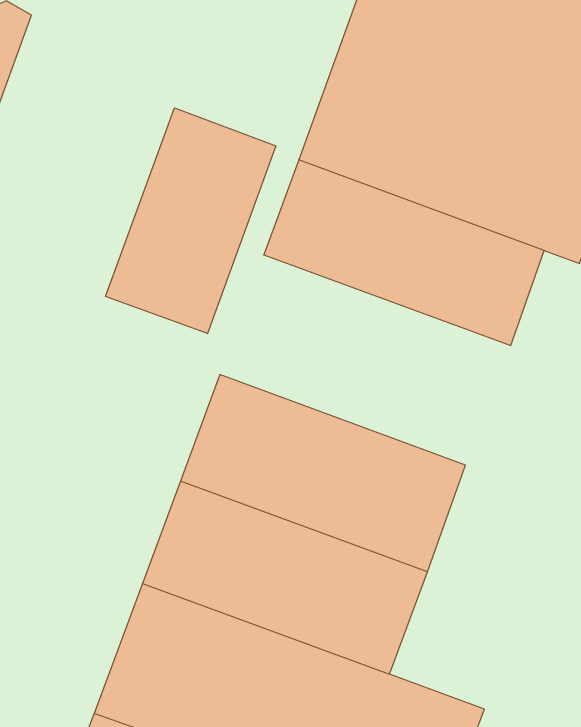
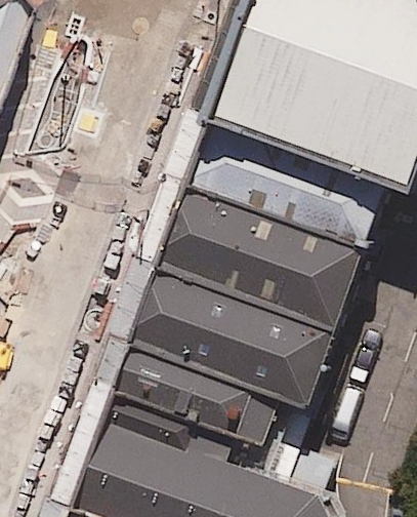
building: [105,108,276,334] -> none
building: none -> [159,184,363,331]

